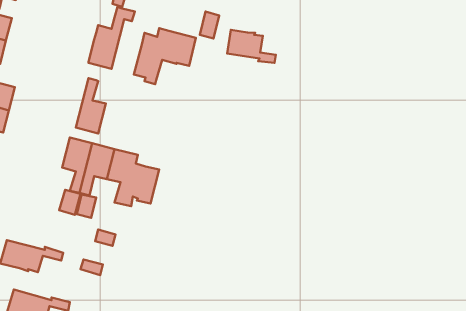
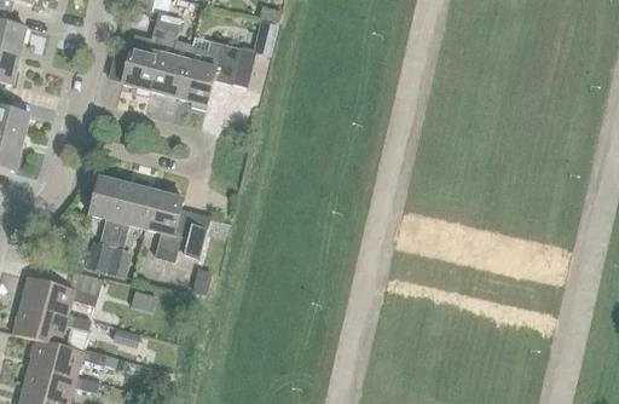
building: [227,30,276,63] -> none
building: [76,78,106,133] -> [150,28,187,97]
building: none -> [19,275,97,316]
building: none -> [28,339,105,379]

